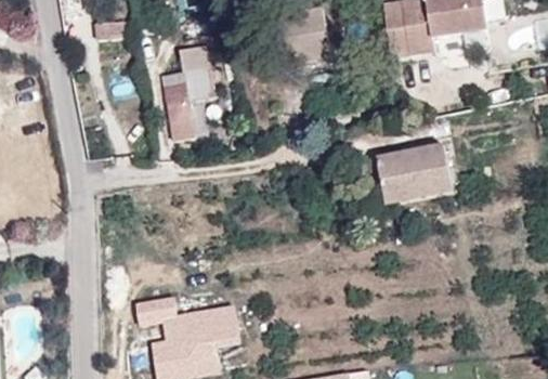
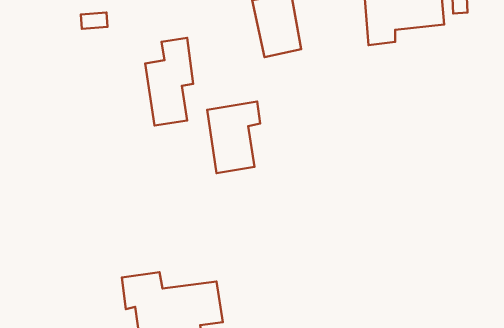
building: none -> [207,101,260,173]
building: [377,143,451,201] -> none

